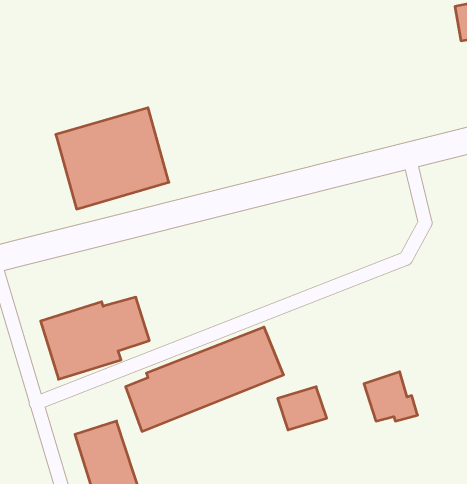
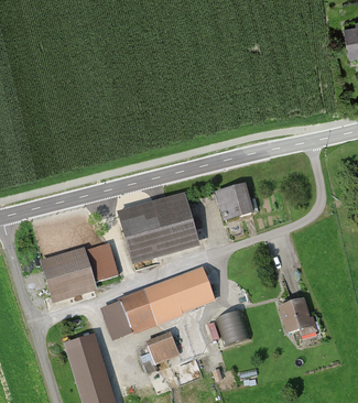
building: [56,108,169,209] -> [117,192,200,266]
building: none -> [214,183,253,220]
building: none -> [144,331,180,363]

